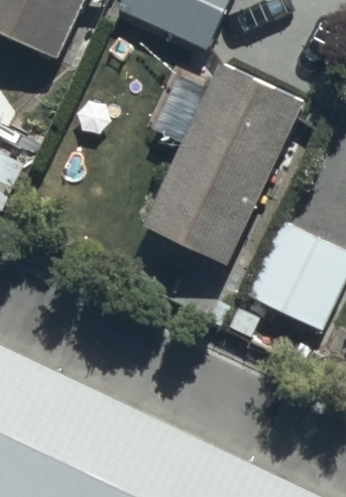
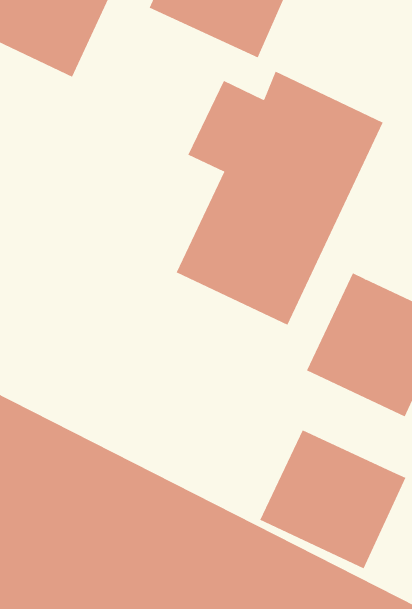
building: none -> [259,429,406,569]

